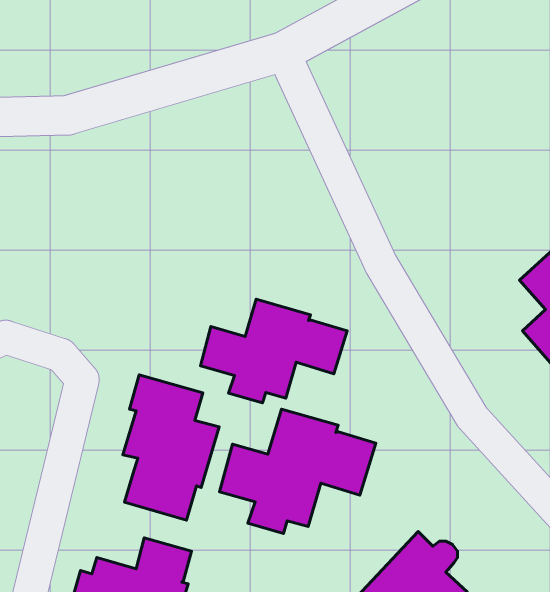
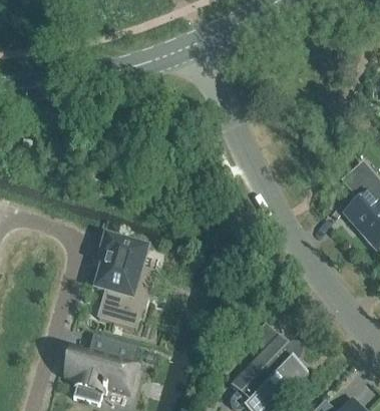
building: [200,299,347,403] -> none
building: [219,409,376,533] -> none

